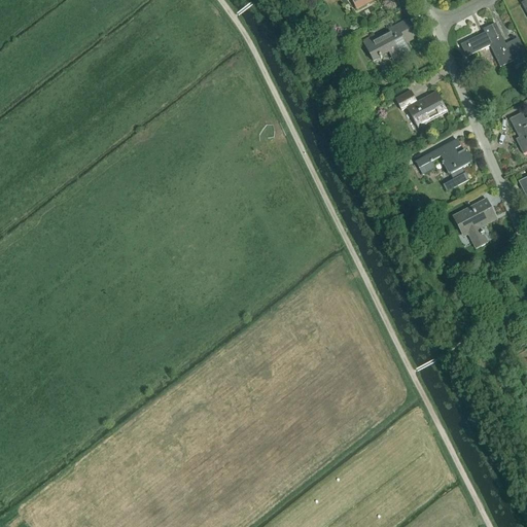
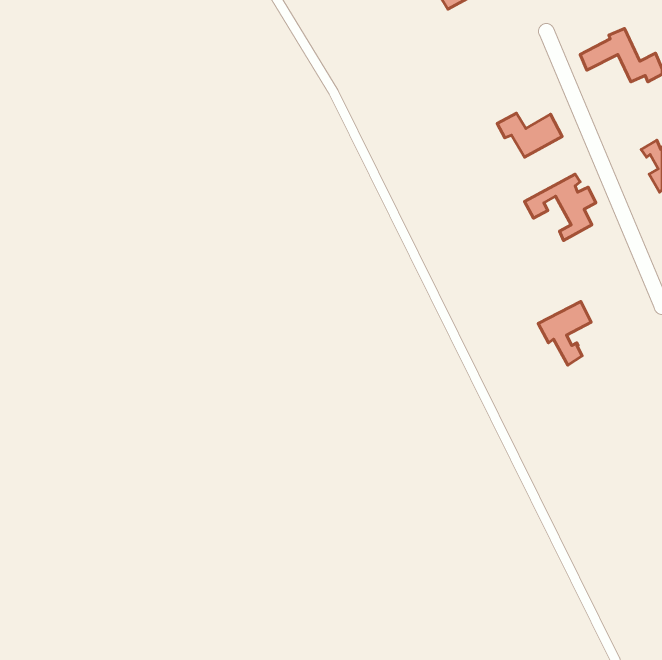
building: [362,17,416,60] -> none
building: [452,198,494,248] -> [538,301,591,365]

